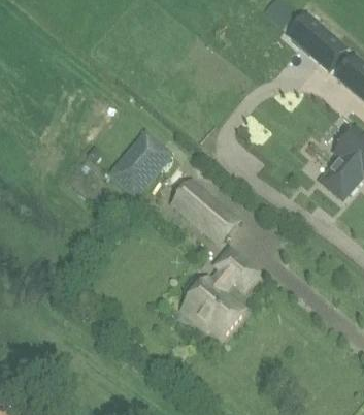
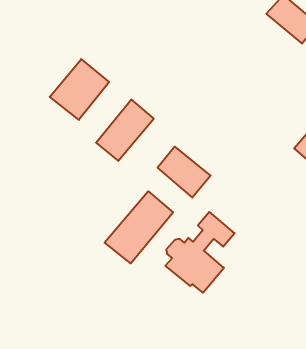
building: none -> [50,59,109,120]
building: none -> [105,191,173,263]

